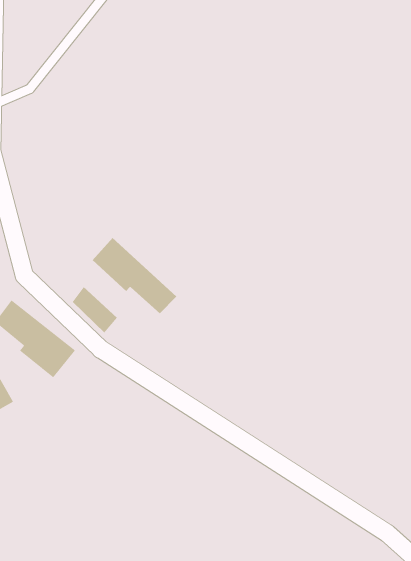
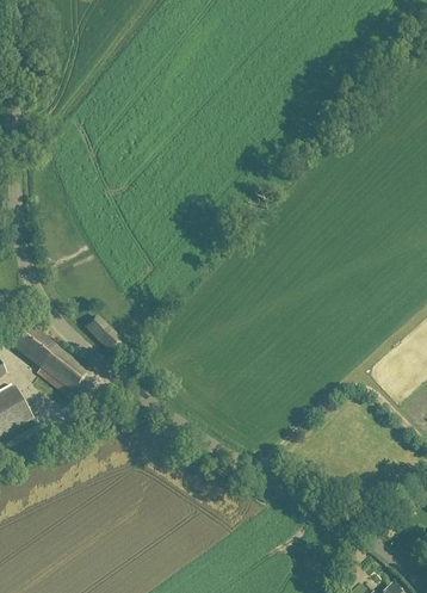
building: [92,237,177,314] -> none

